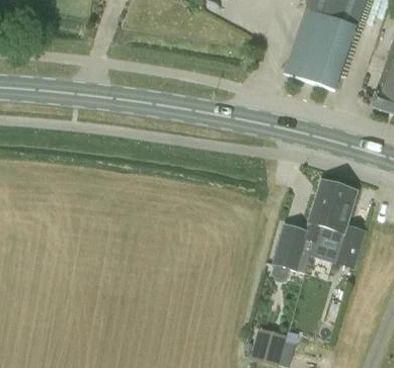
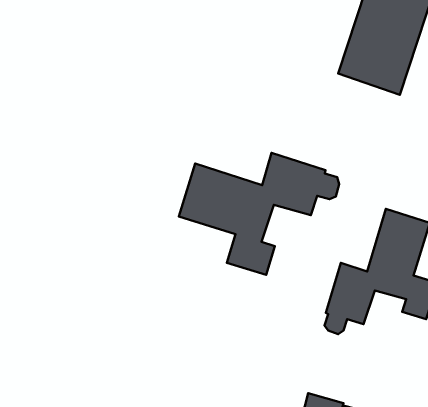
building: none -> [179,153,339,275]

